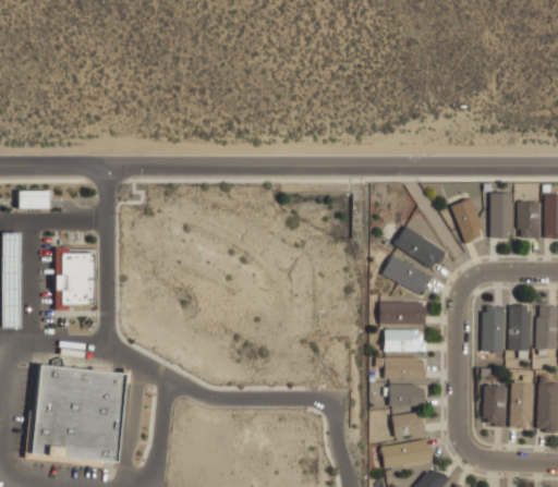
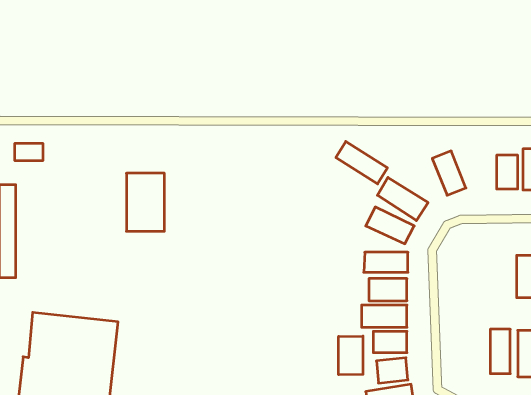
building: none -> [336,141,387,184]
building: [490,192,511,238] -> none
building: [56,247,95,307] -> [126,173,164,231]
building: [483,305,505,351] -> none
building: [510,305,531,351] -> none
building: [484,386,505,425] -> none
building: none -> [339,336,363,375]

